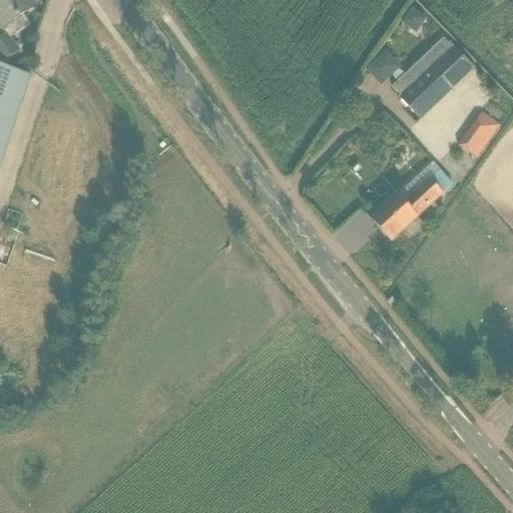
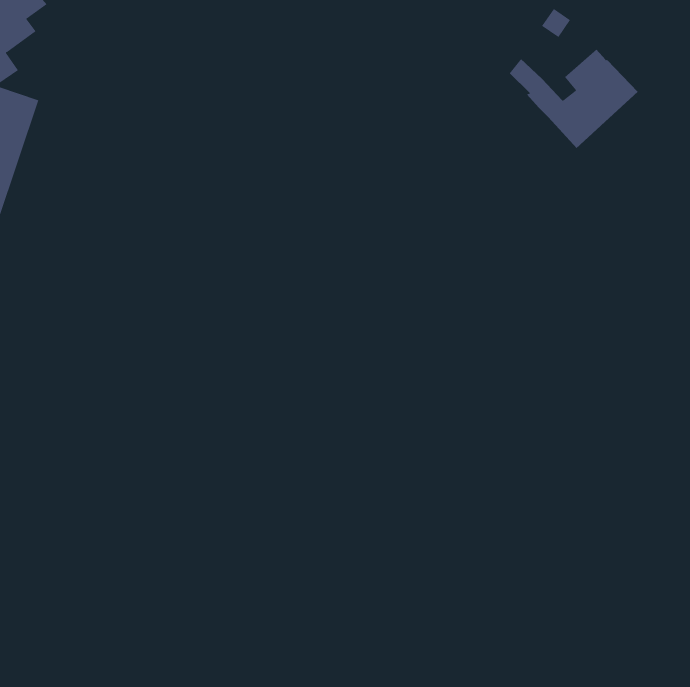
building: [456,116,494,156] -> none
building: [370,161,451,239] -> none

